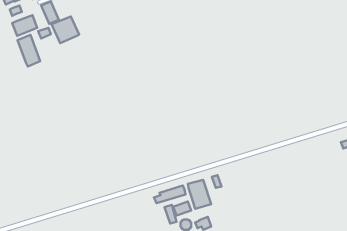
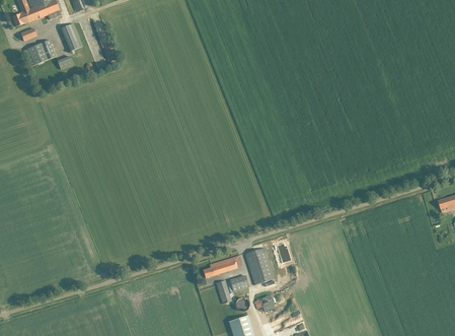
building: [52,17,79,43] -> none
building: [17,35,40,66] -> none

